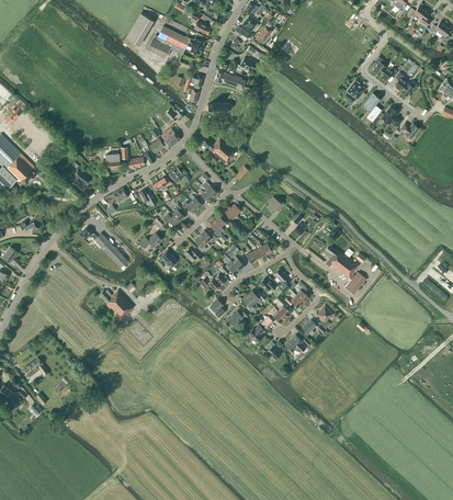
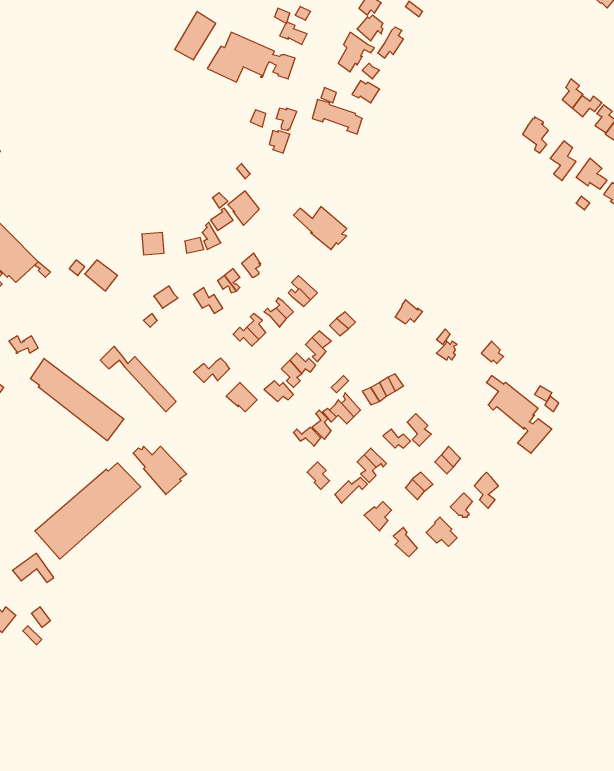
building: none -> [30,358,124,441]
building: none -> [35,463,141,559]

